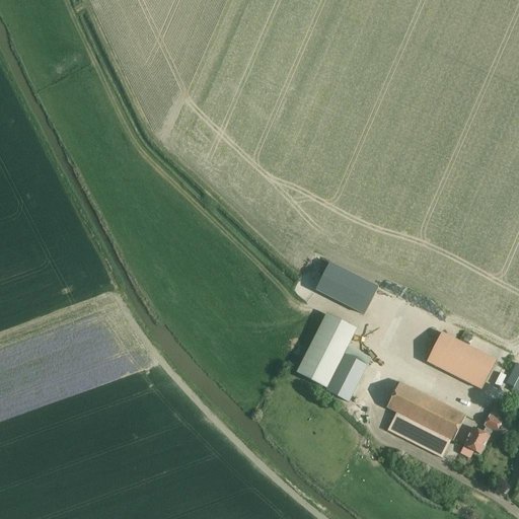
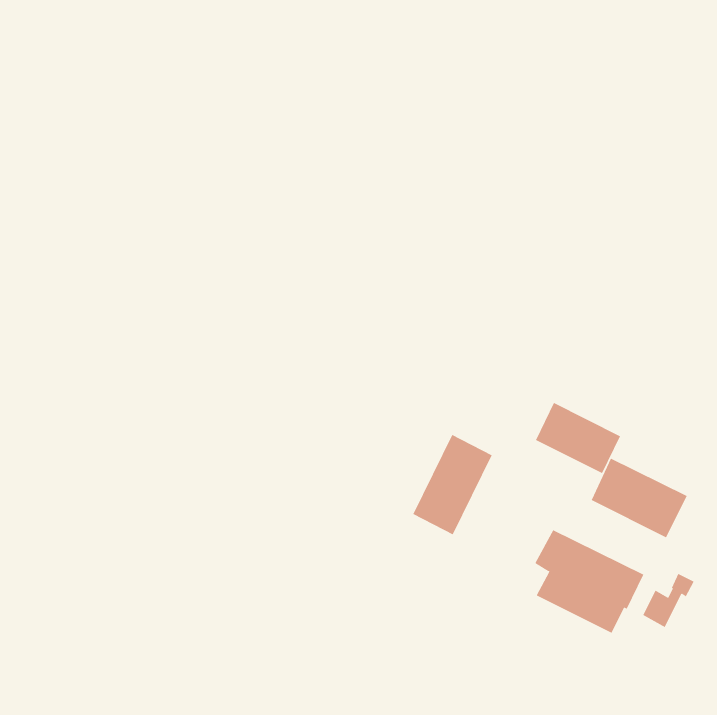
building: [315,262,377,313] -> [535,402,621,474]
building: [325,353,367,401] -> none

